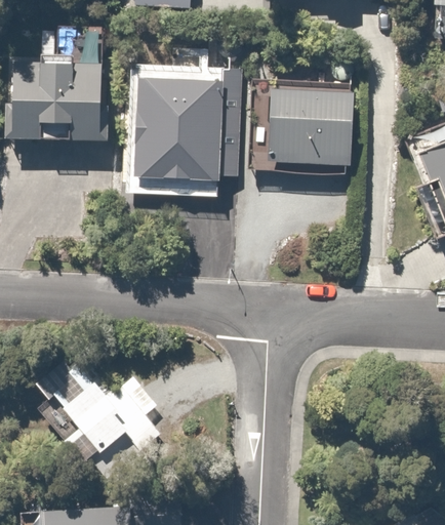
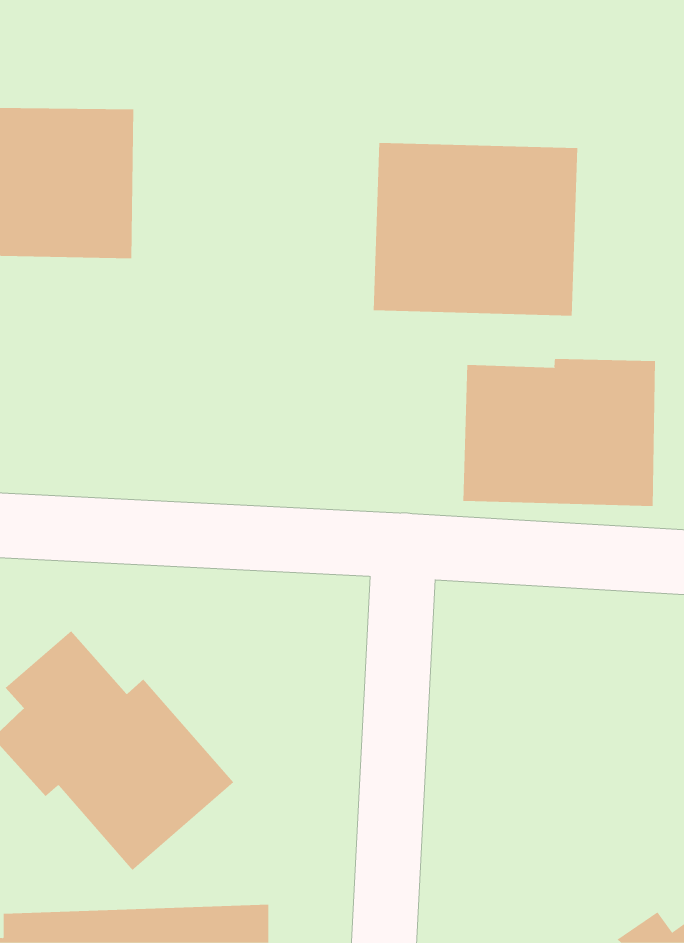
building: [134,80,229,183] -> none
building: none -> [463,358,656,507]

